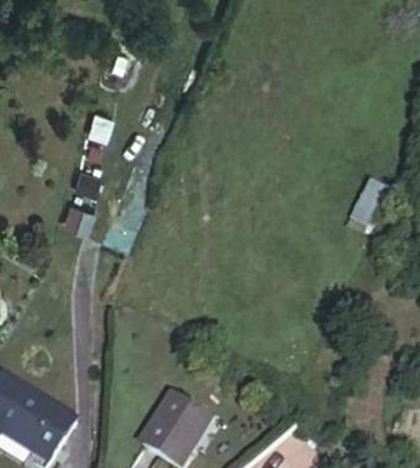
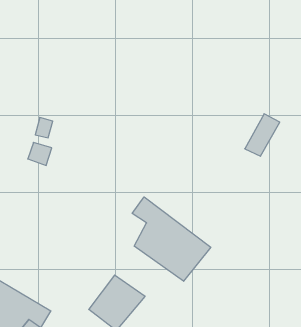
building: none -> [132,197,211,281]

